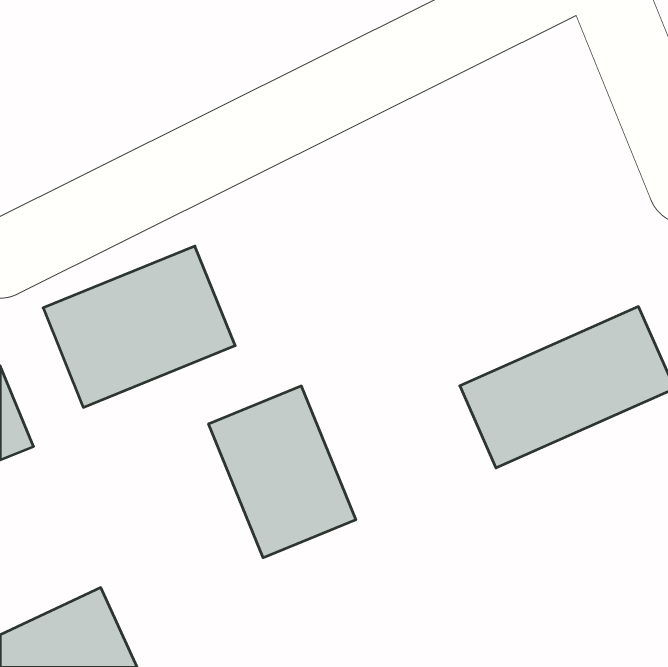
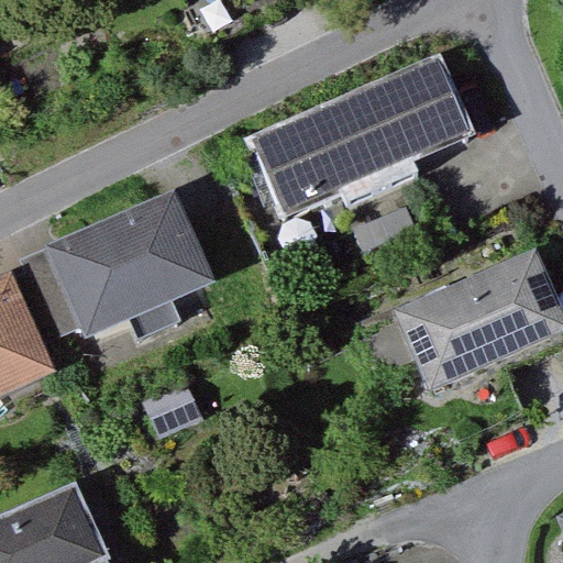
building: none -> [247,60,465,216]
building: [209,386,356,558] -> none

